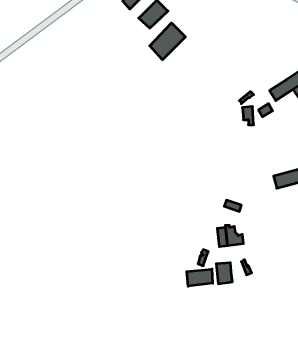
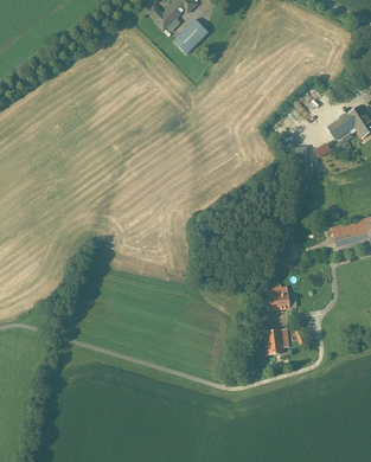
building: [150,23,185,60] -> none
building: [187,269,213,286] -> none

